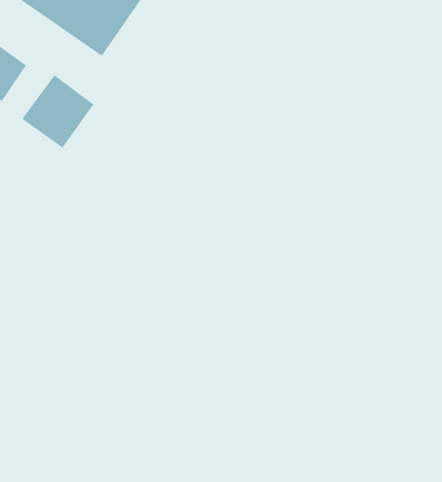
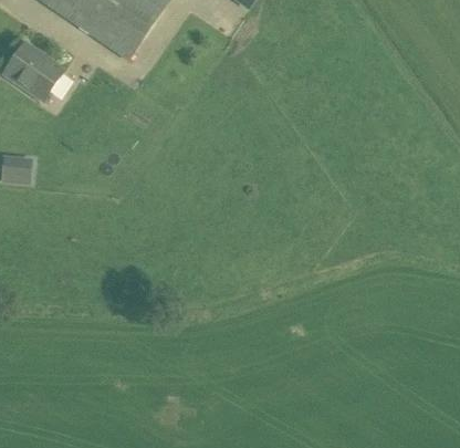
building: [22,75,94,148] -> none

